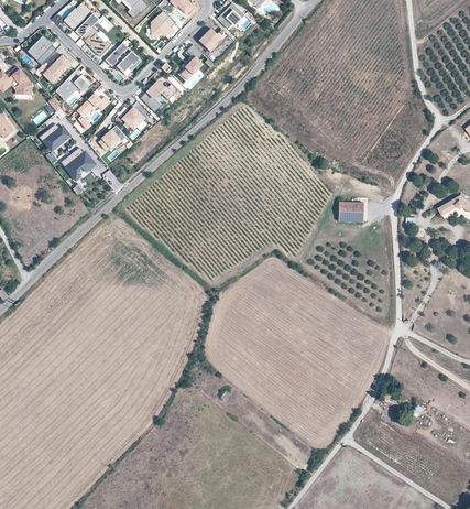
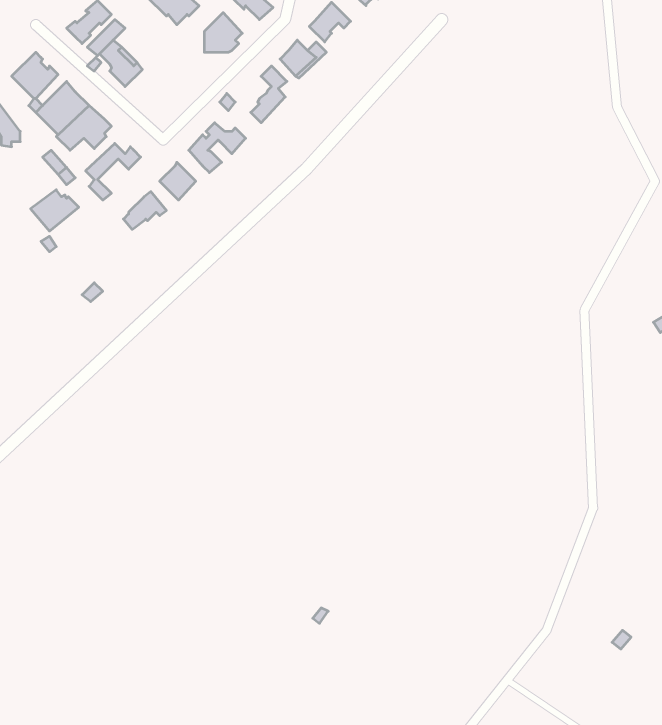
building: [106,42,142,73] -> none
building: [62,148,96,181] -> none
building: [339,203,363,221] -> none

